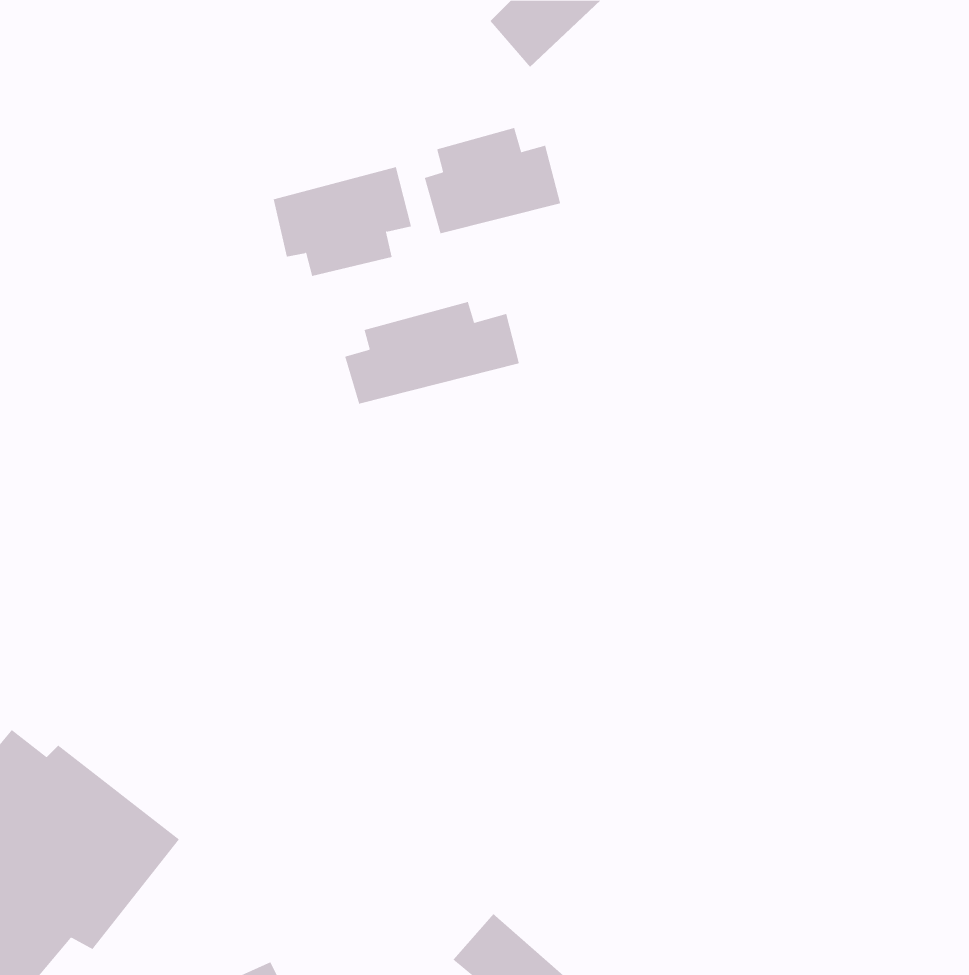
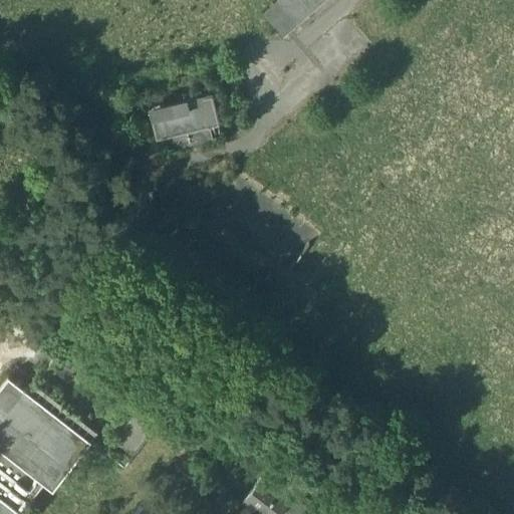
building: [424,127,561,234] -> none
building: [345,301,520,405] -> none

